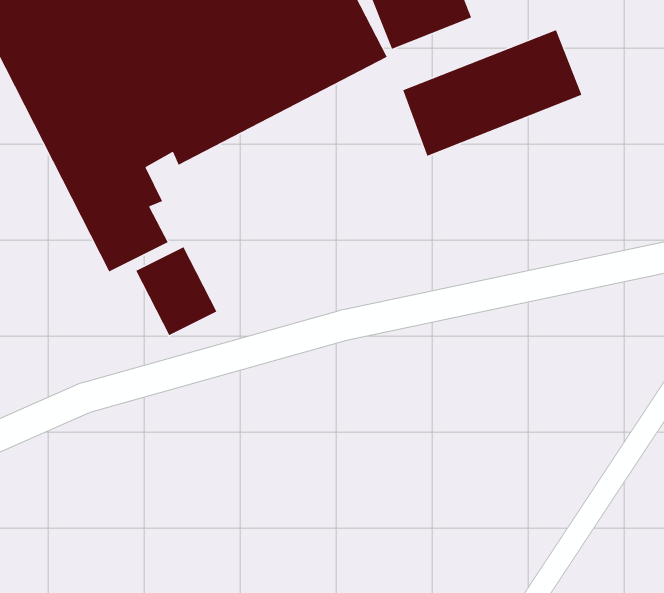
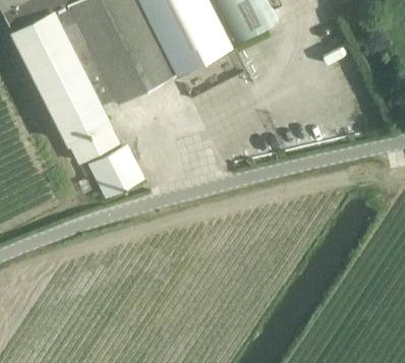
building: [402,29,583,157] -> none

